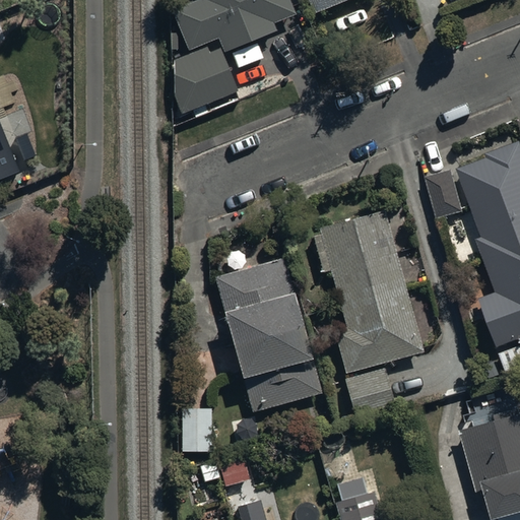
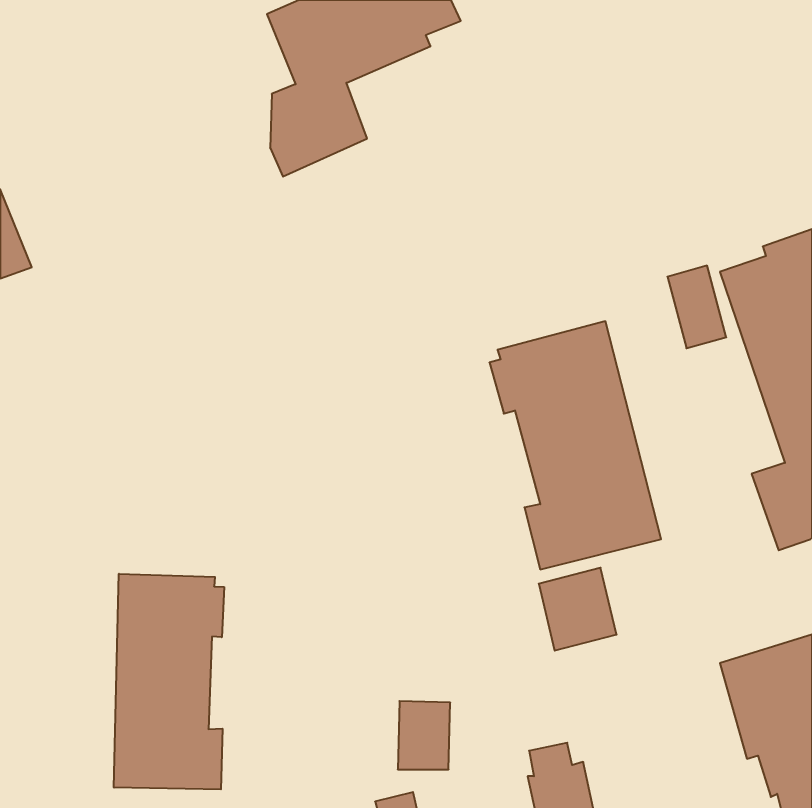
building: [213,254,320,407] -> none
building: none -> [114,574,224,789]
building: [180,406,213,450] -> [398,701,450,769]

